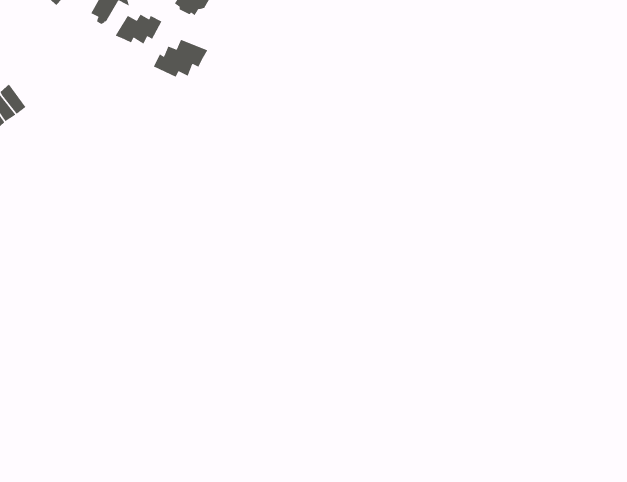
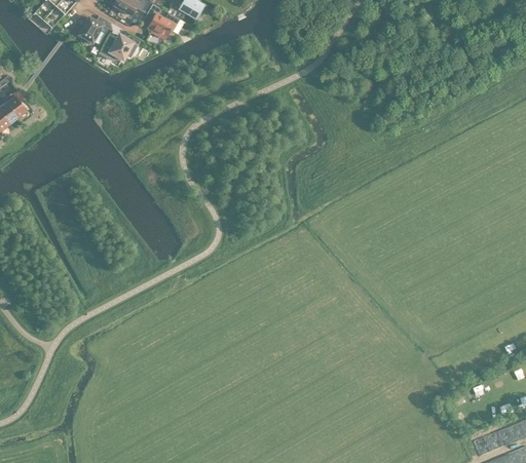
building: [153,39,208,78] -> none

